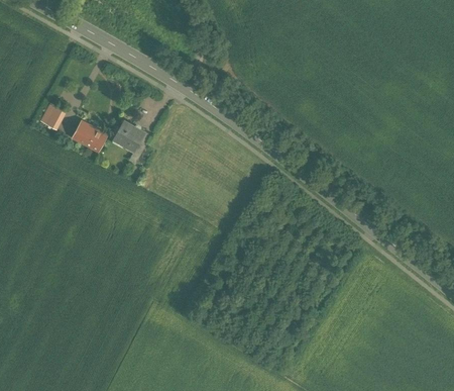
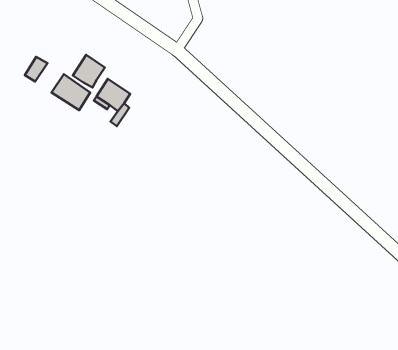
building: none -> [73,55,105,88]

